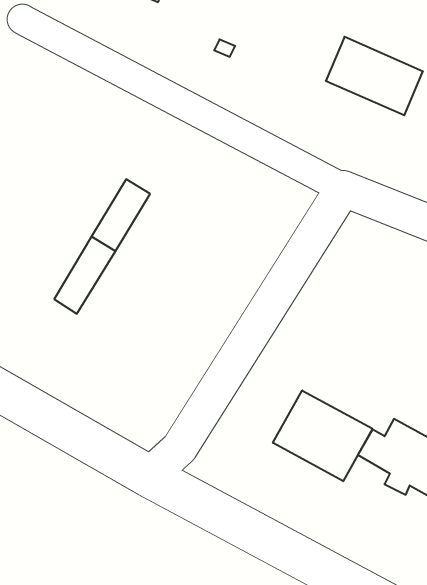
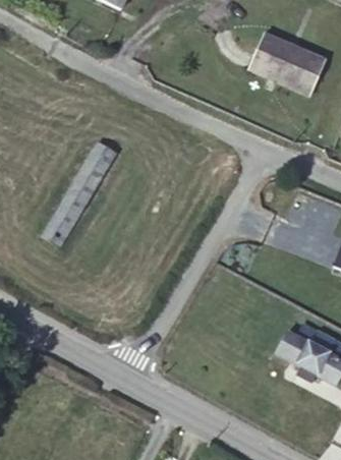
building: [273,390,372,481] -> none

